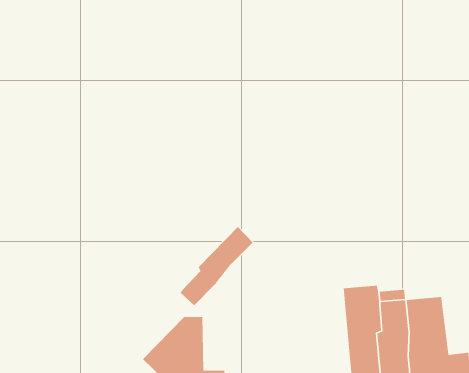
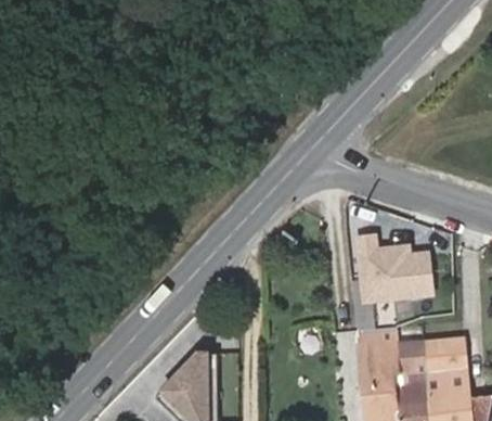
building: none -> [354,234,432,303]
building: [180,226,254,306] -> none

